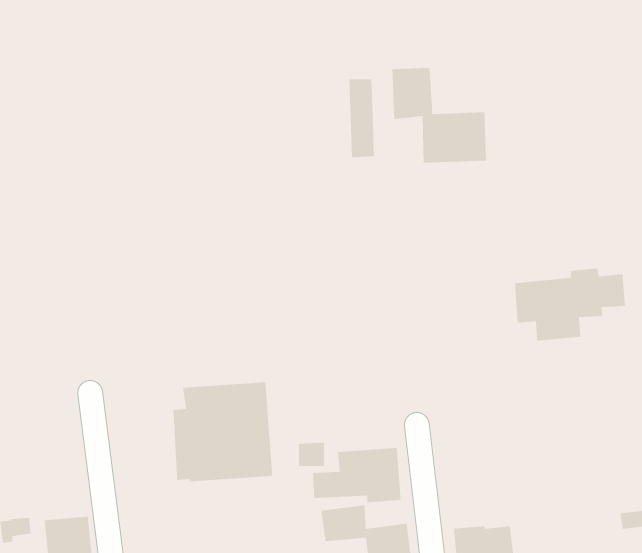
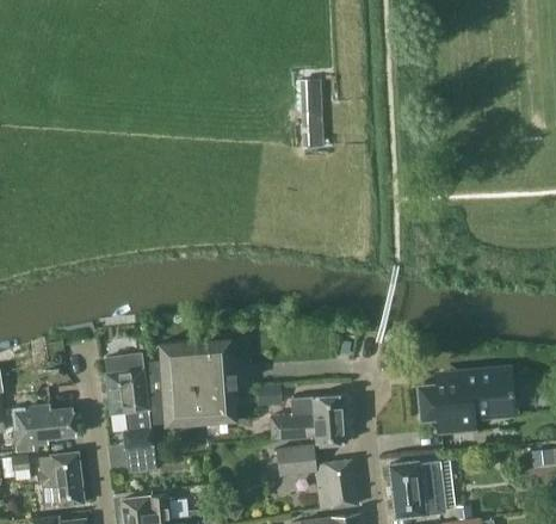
building: [391,67,487,163] -> none
building: [514,267,626,342] -> [419,371,514,434]
building: none -> [105,352,155,473]
building: none -> [13,407,75,452]

